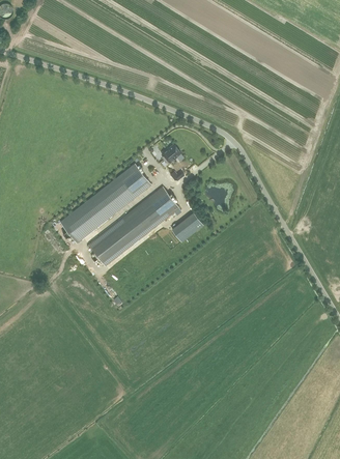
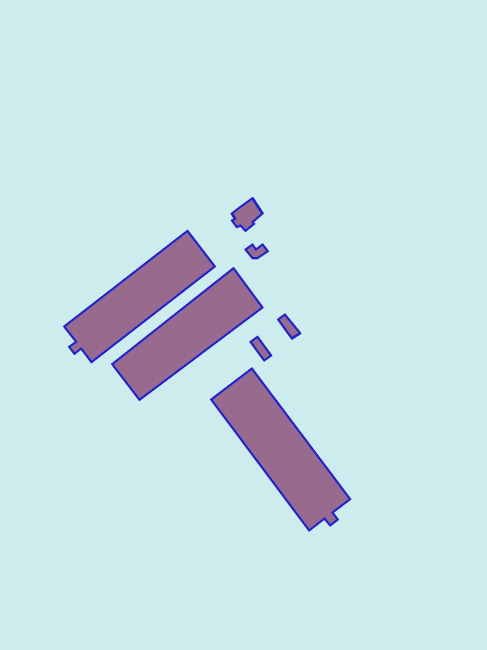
building: none -> [211,368,350,530]

